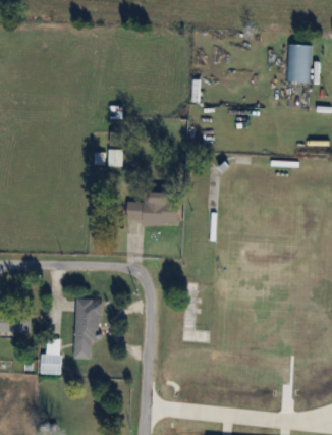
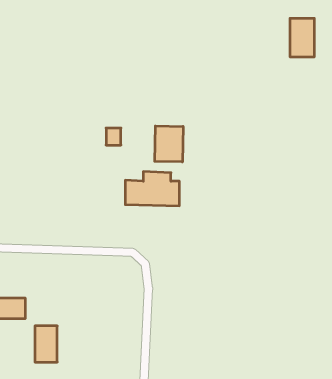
building: none -> [155,126,183,162]
building: [74,300,101,360] -> none

